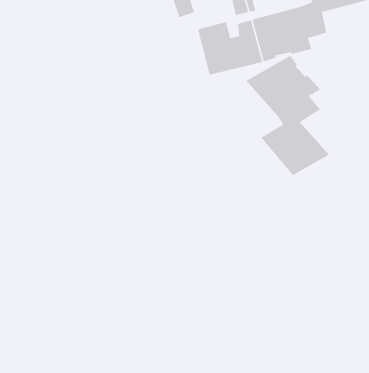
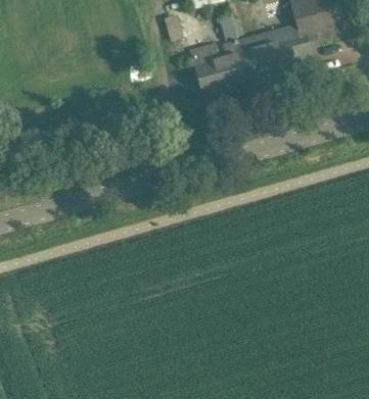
building: [245,55,330,176] -> none

